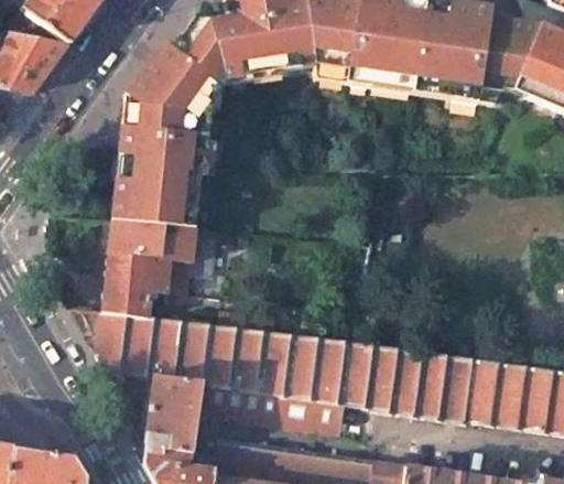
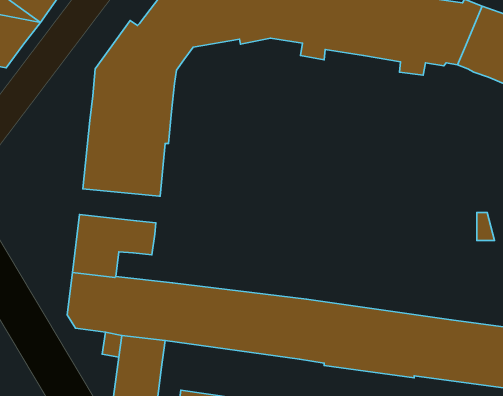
building: [110,224,218,276] -> none
building: [197,386,345,437] -> none

